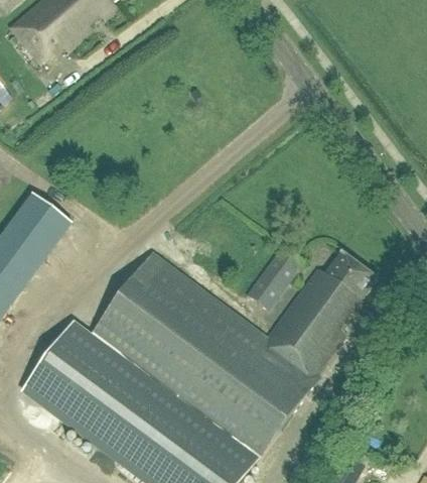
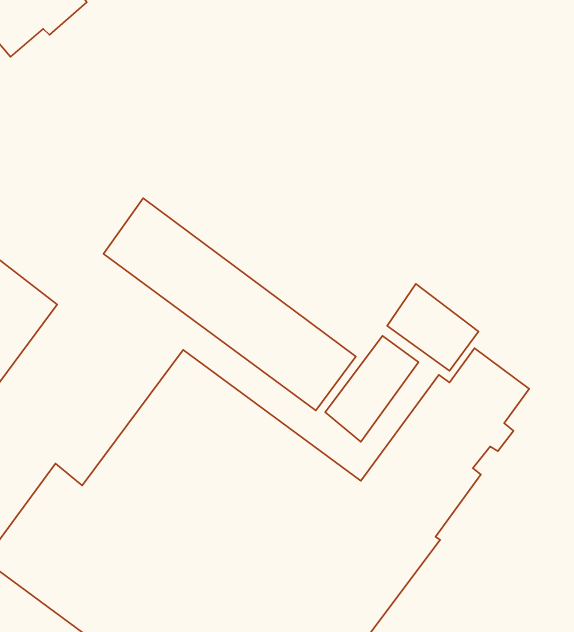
building: none -> [104,198,356,411]
building: none -> [387,284,479,371]

